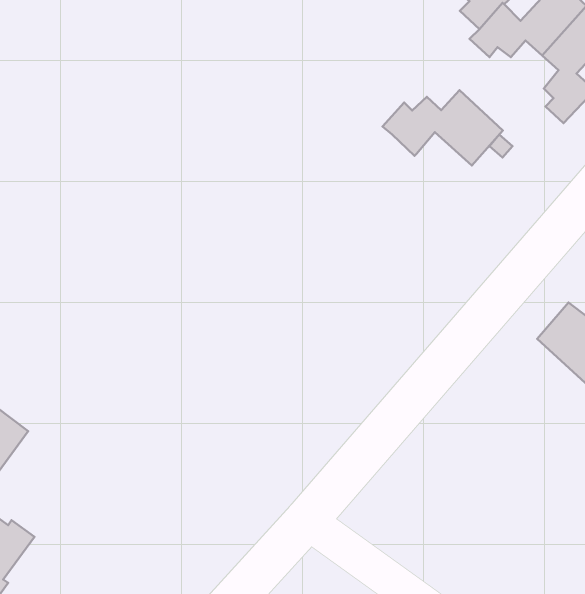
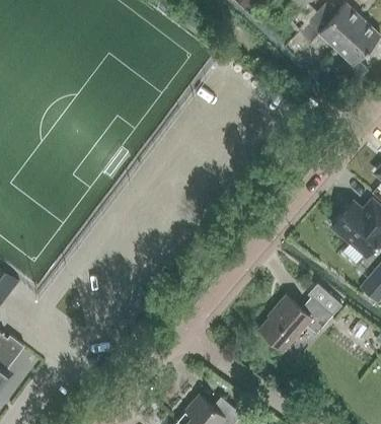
building: [382,90,503,165] -> none
building: none -> [260,284,344,351]

